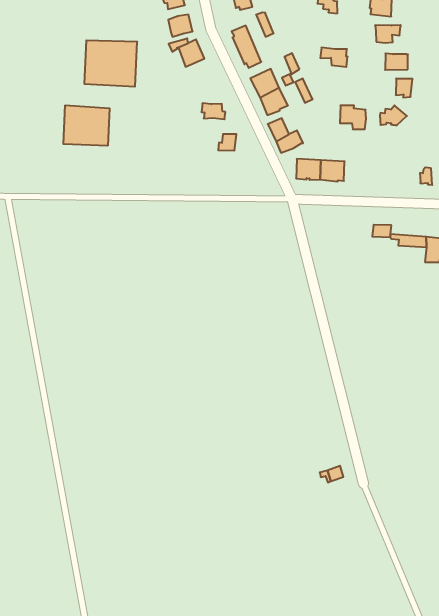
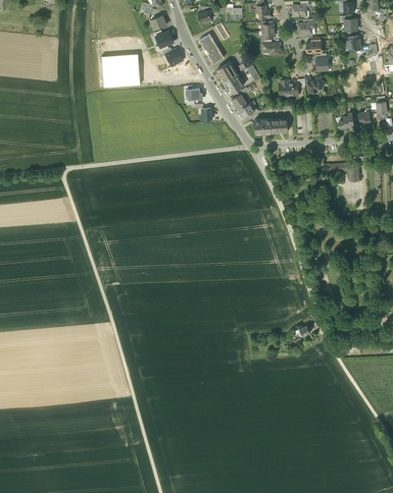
building: [63,105,110,146] -> none

